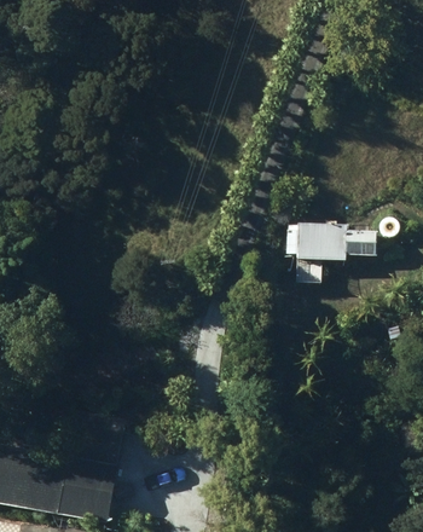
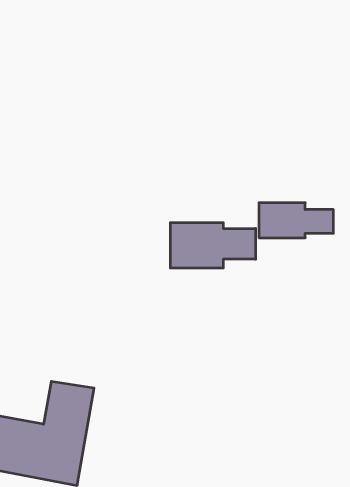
building: none -> [170,223,256,268]

